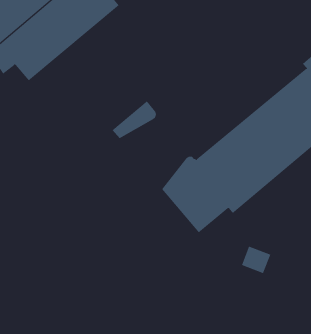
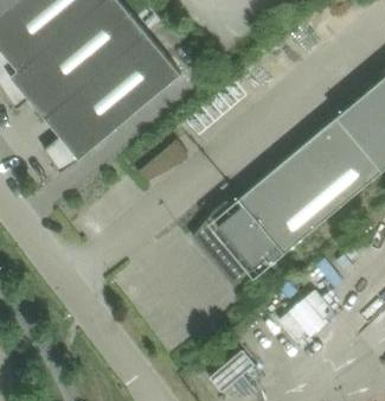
building: none -> [45,32,182,172]
building: none -> [210,349,255,392]

